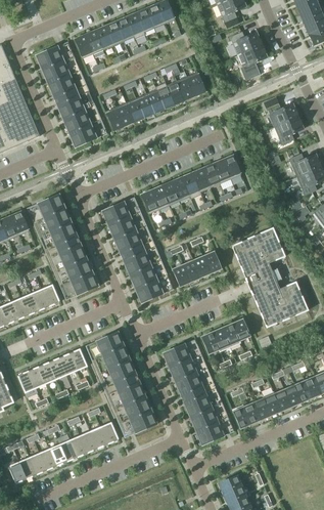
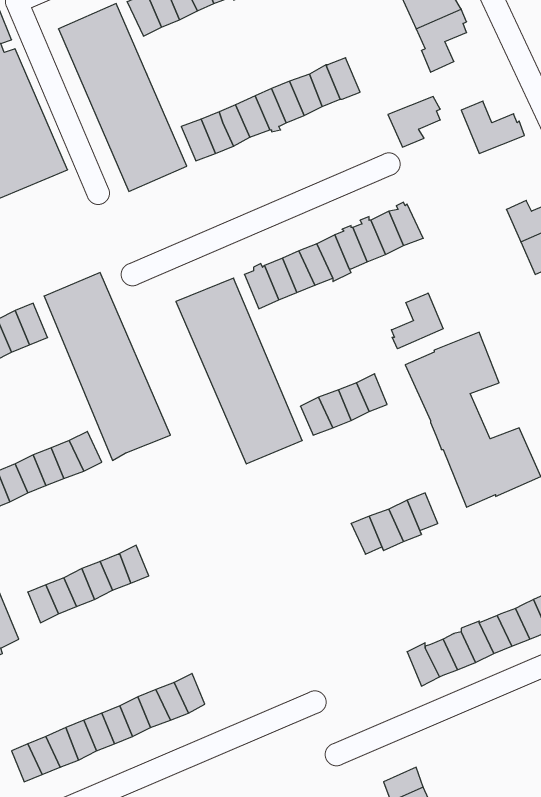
building: [273,116,303,144] -> [388,97,440,147]
building: none -> [391,293,443,349]
building: [85,331,156,437] -> none
building: [163,339,234,443] -> none

